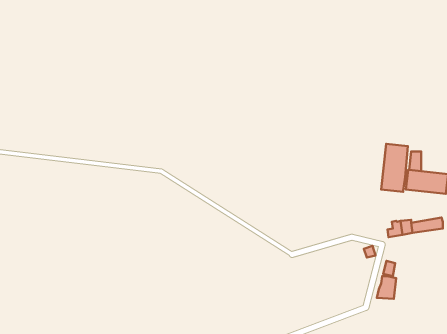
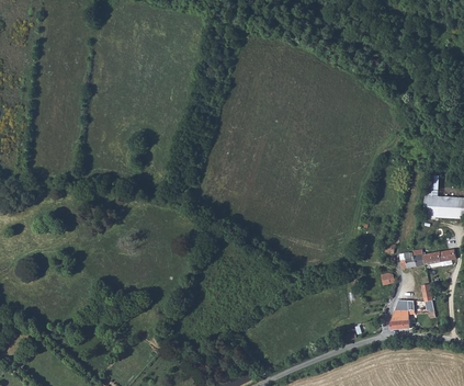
building: [381,144,408,192] -> none

